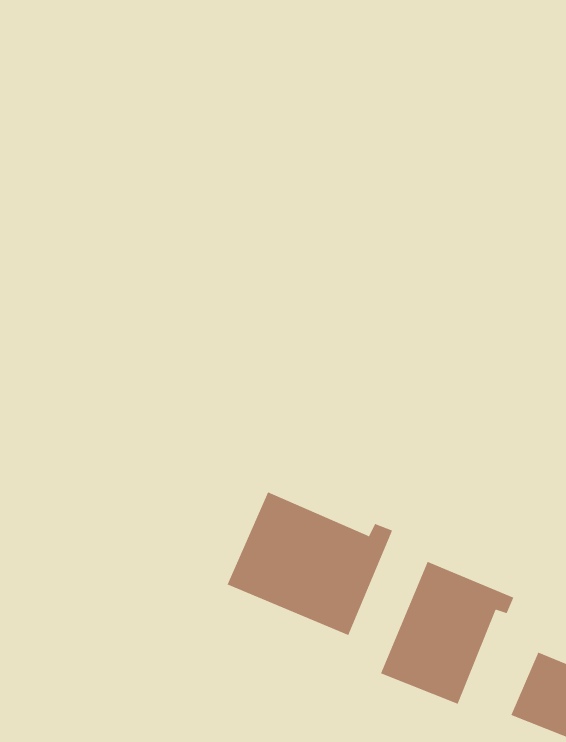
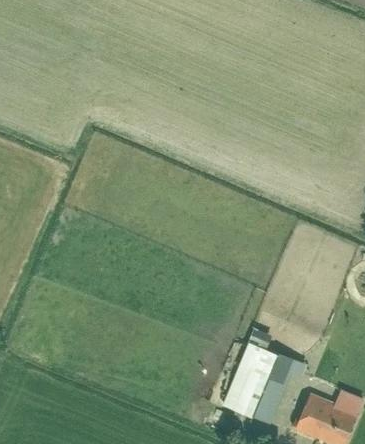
building: [227,492,393,636] -> none

